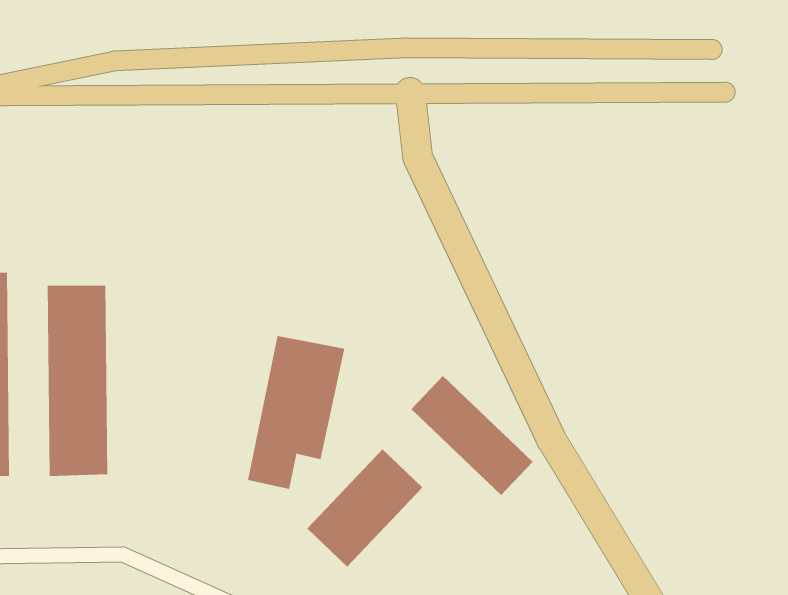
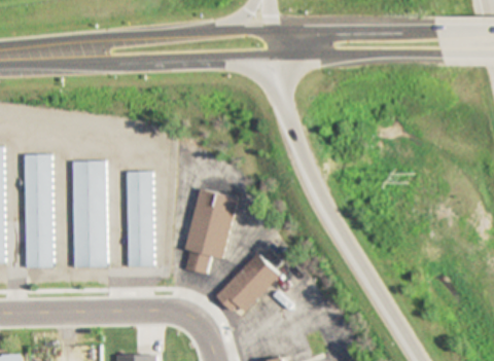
building: none -> [127,172,152,266]
building: [410,375,533,496] -> none

